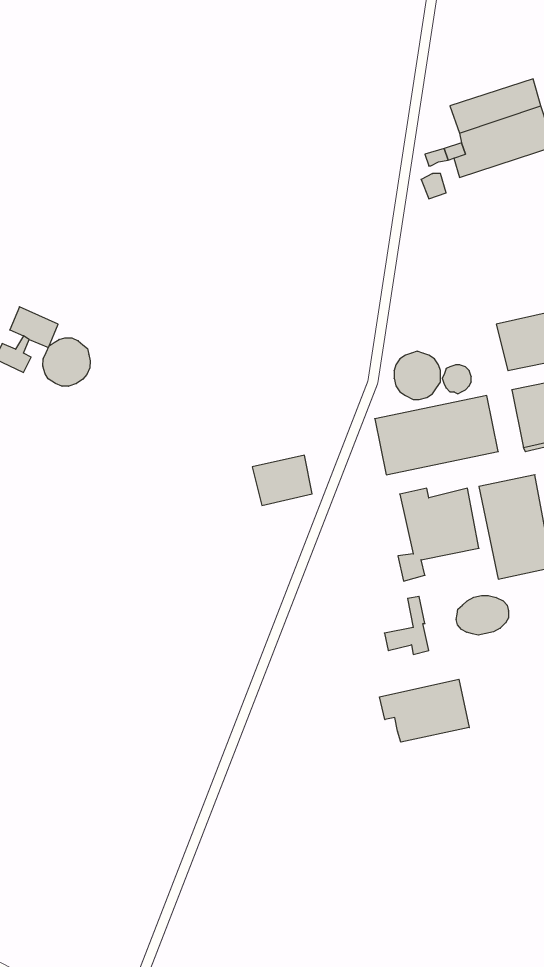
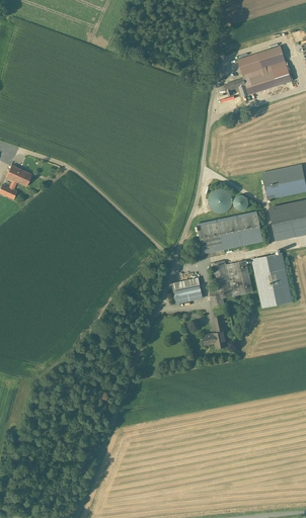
building: [43,338,90,386] -> none
building: [252,455,312,505] -> [171,277,203,304]
building: [456,596,509,635] -> none
building: [380,679,469,742] -> none

